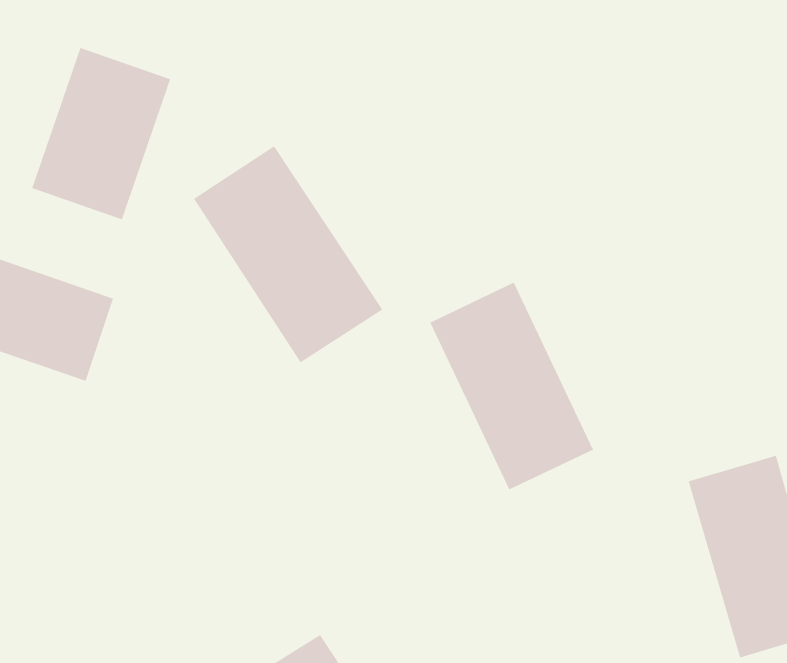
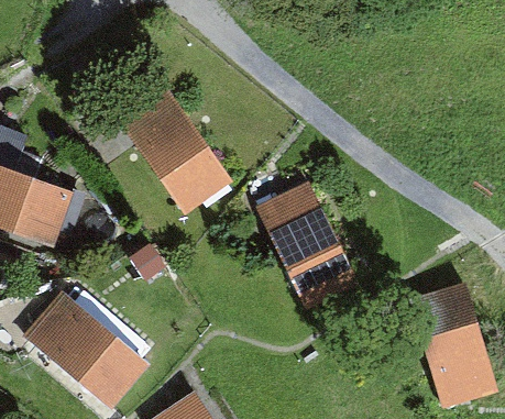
building: [32,47,171,220] -> none
building: none -> [23,289,145,403]

